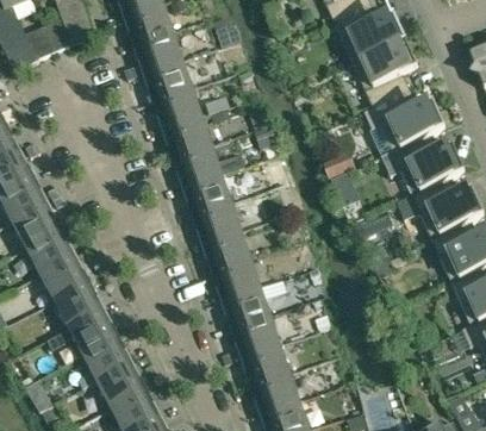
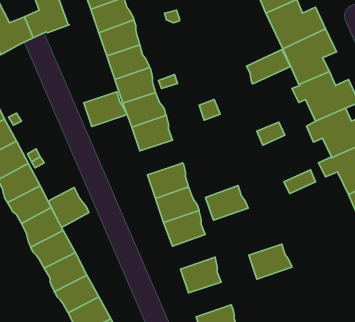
building: none -> [246,50,291,84]
building: [181,170,232,212] -> [84,92,127,127]
building: none -> [48,188,89,227]
building: [220,283,272,325] -> [206,185,248,220]
building: [239,341,291,382] -> [249,244,292,279]

